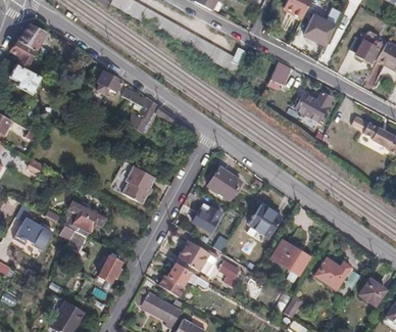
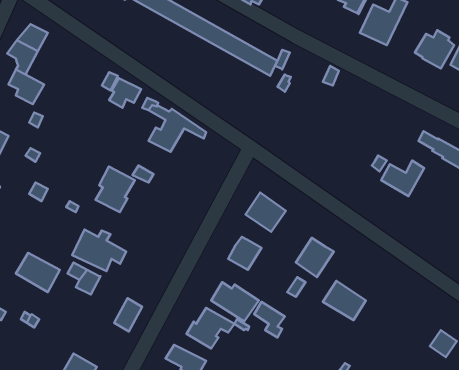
building: [296,92,332,122] -> [381,161,424,196]
building: [121,164,154,202] -> [95,167,135,212]
building: [314,257,351,289] -> none

